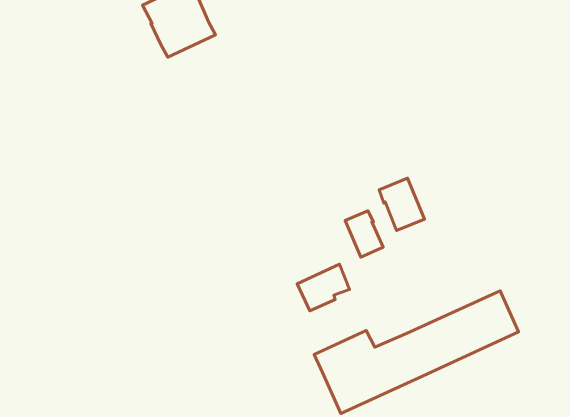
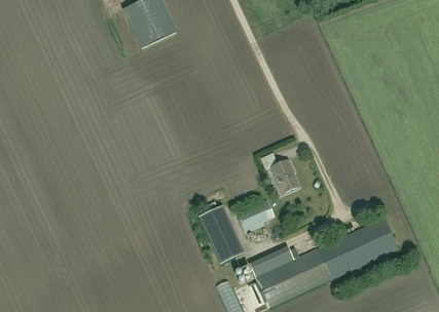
building: [379,178,425,231] -> none
building: none -> [199,204,245,263]

